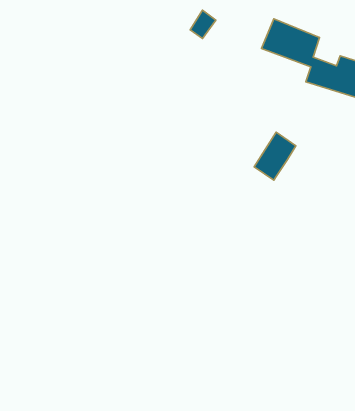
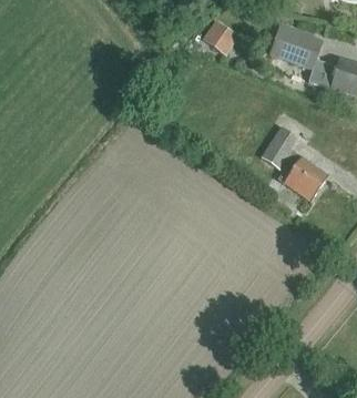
building: none -> [278,151,328,201]

